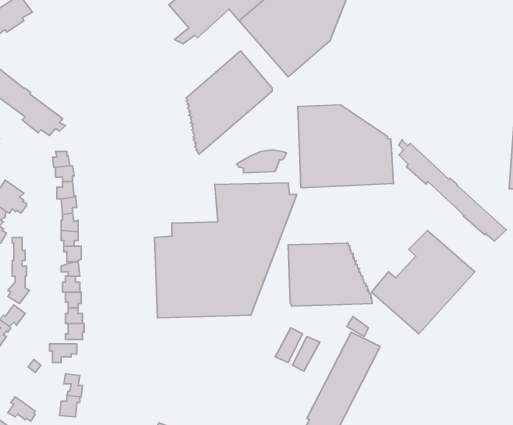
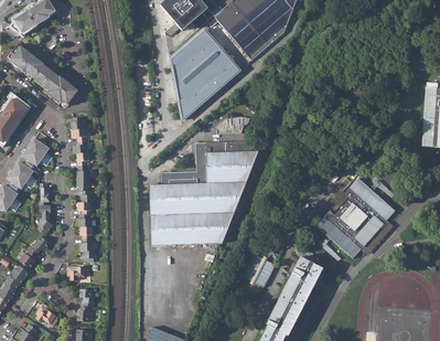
building: none -> [169,26,215,75]
building: [298,105,393,188] -> none
building: [399,140,506,241] -> none
building: [288,243,372,306] -> none

